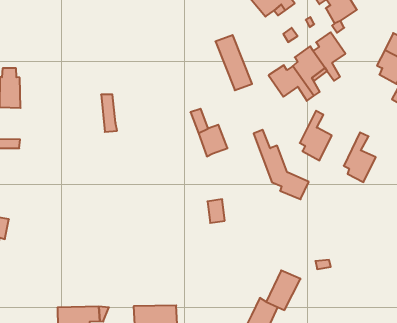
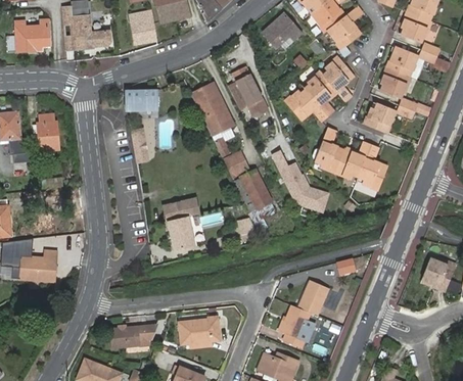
building: none -> [192,84,233,135]
building: none -> [125,91,157,108]
building: none -> [364,105,395,133]
building: none -> [336,144,371,180]
building: none -> [238,169,273,210]
building: none -> [161,197,199,251]

